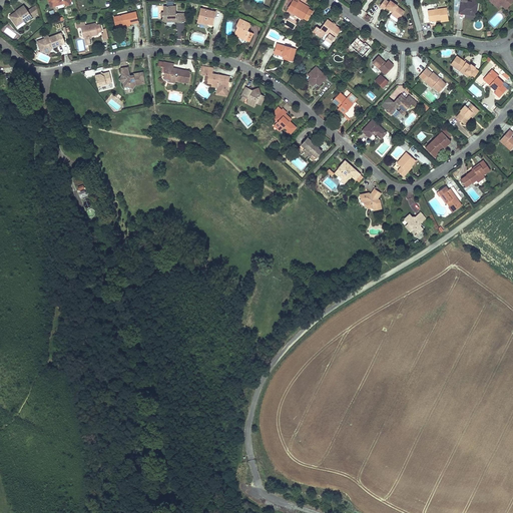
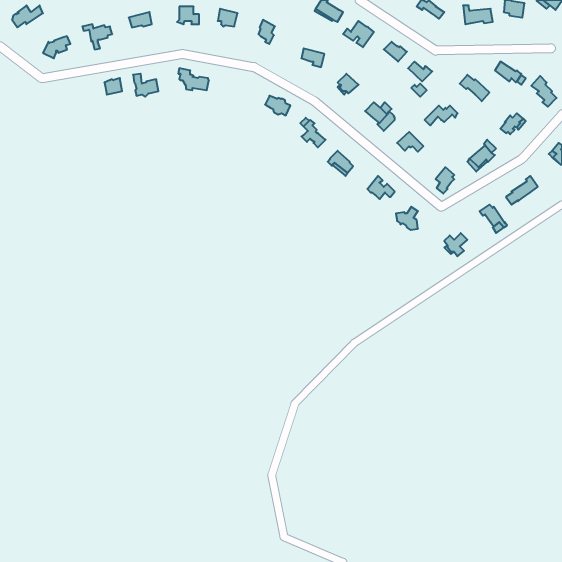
building: [200,66,229,95] -> none

